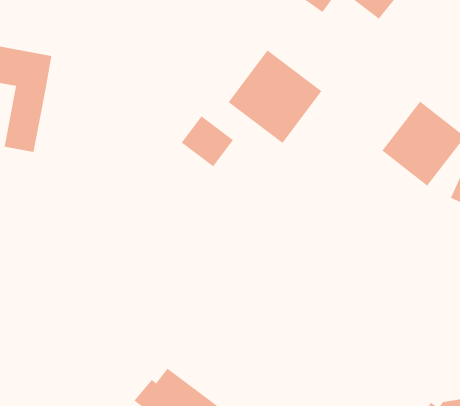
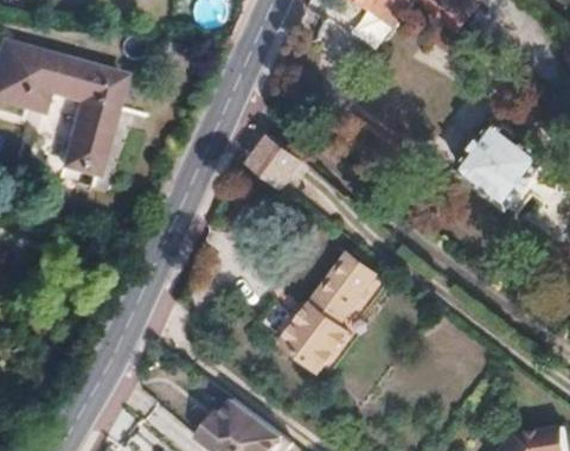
building: [228,50,322,144] -> none
building: none -> [256,253,377,369]

